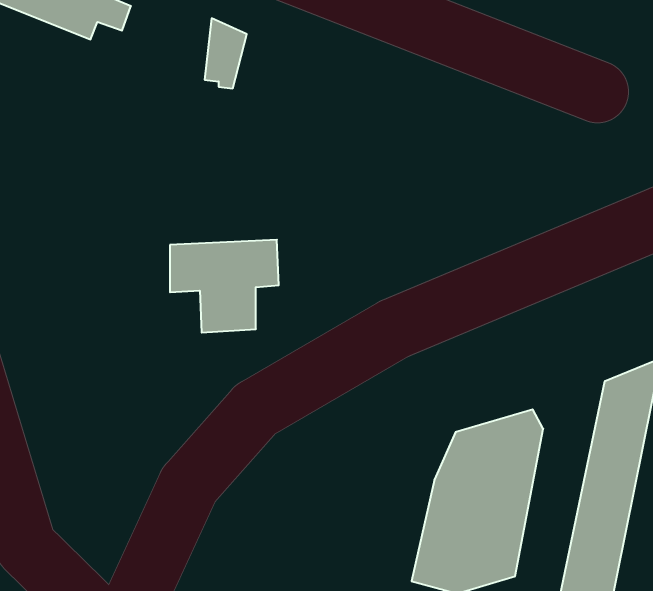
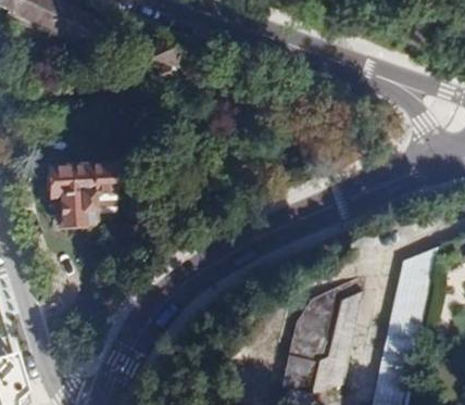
building: [170,240,279,333] -> [41,166,109,224]

